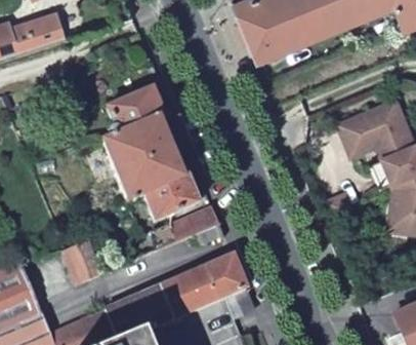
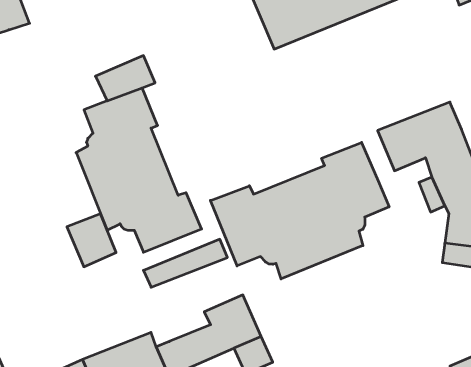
building: none -> [210,142,389,279]
building: [64,243,102,285] -> [67,214,116,267]

